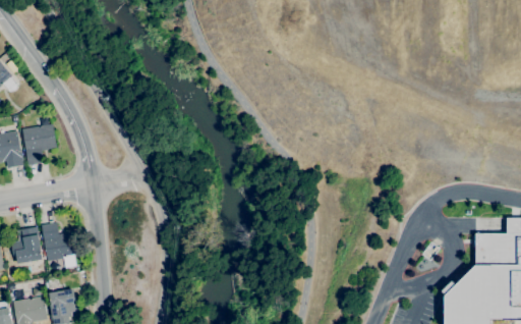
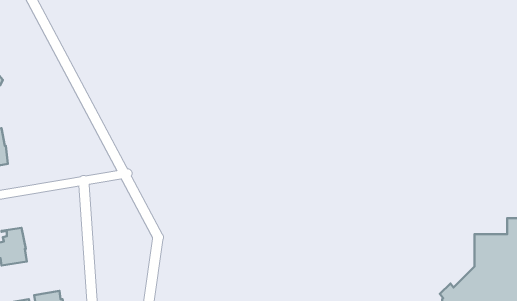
building: [22,123,57,165] -> none
building: [41,222,77,261] -> none

